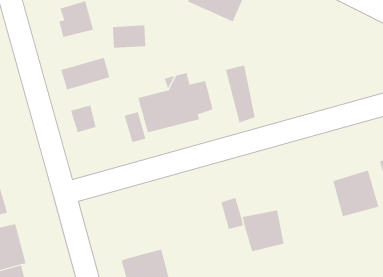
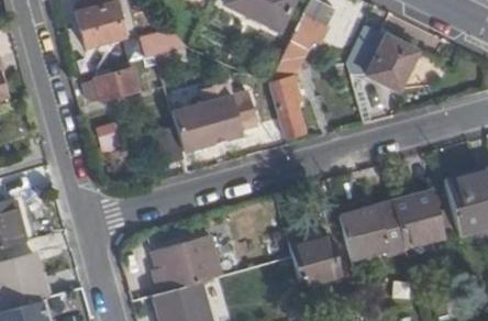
building: none -> [271,13,334,80]
building: none -> [347,24,419,90]
building: none -> [341,206,404,263]
building: none -> [153,235,222,294]

